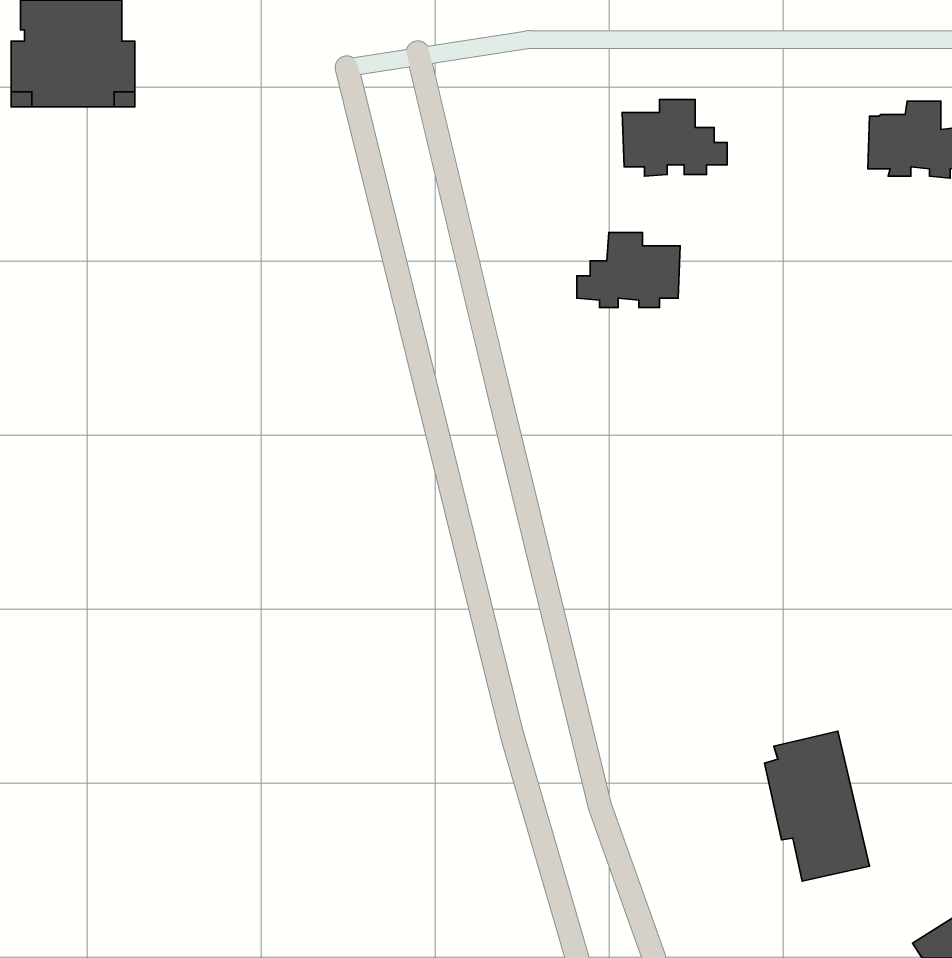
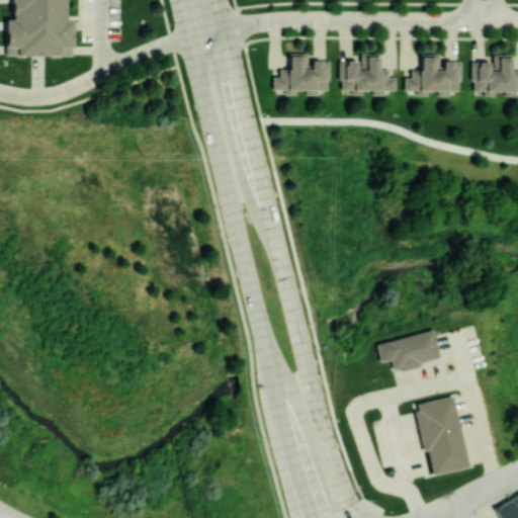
building: none -> [405,55,460,95]
building: [577,233,680,308] -> [273,54,329,94]
building: none -> [384,331,442,372]

